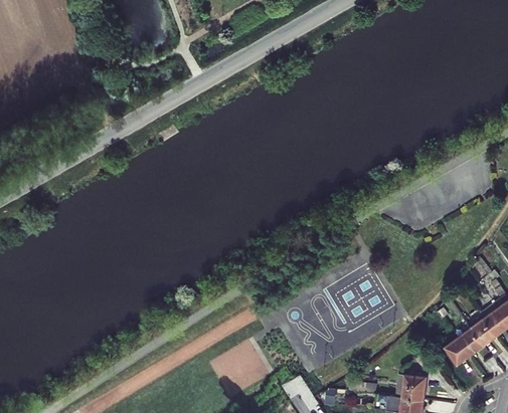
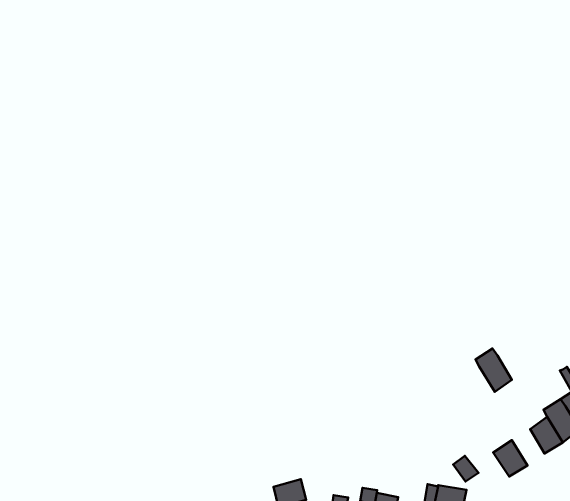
building: [455,324,483,356] -> [476,349,512,392]

